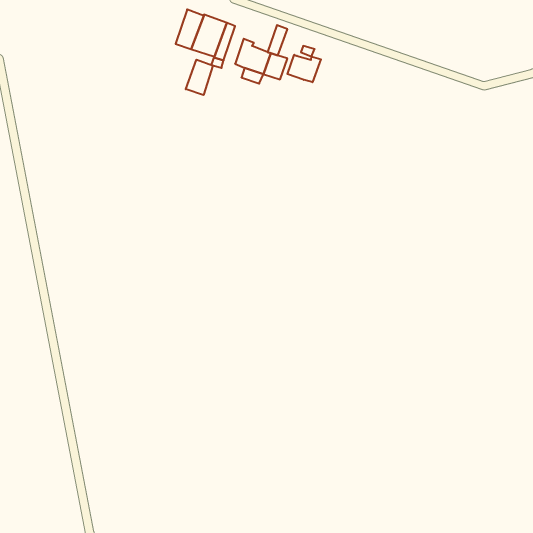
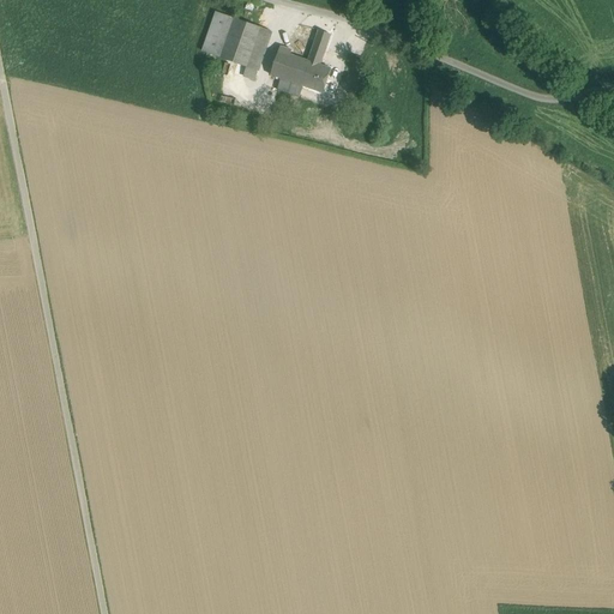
building: [287,55,321,82] -> none
building: [186,60,213,95] -> none

